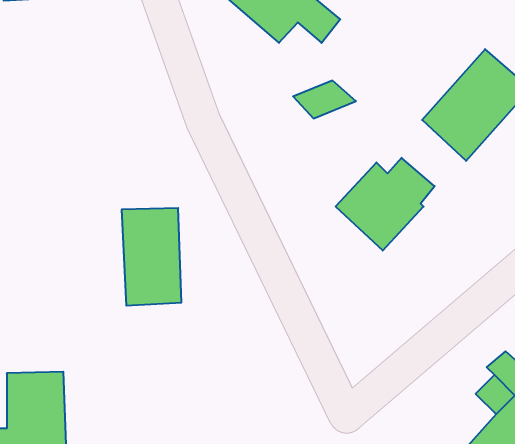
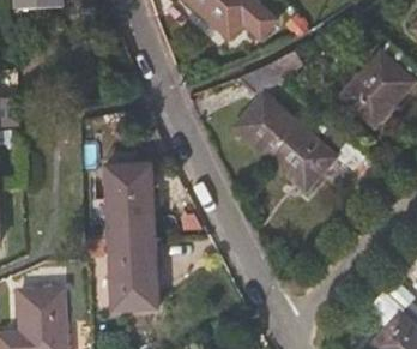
building: none -> [237,98,303,163]
building: none -> [113,236,158,309]

